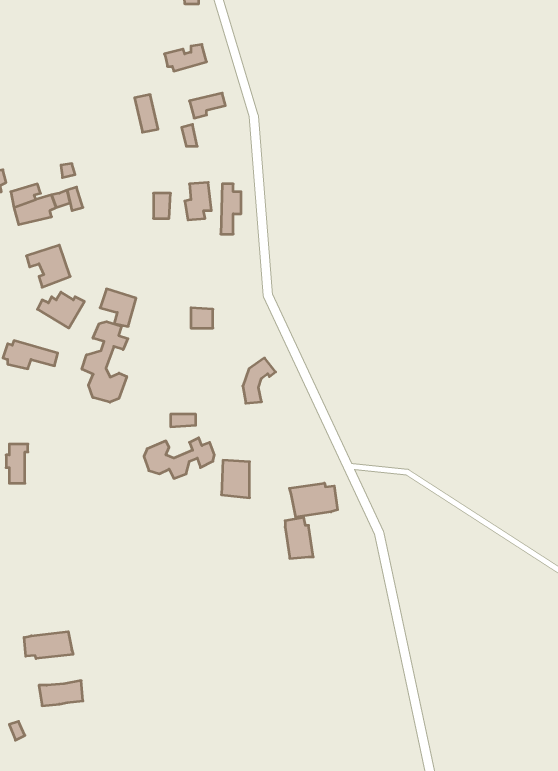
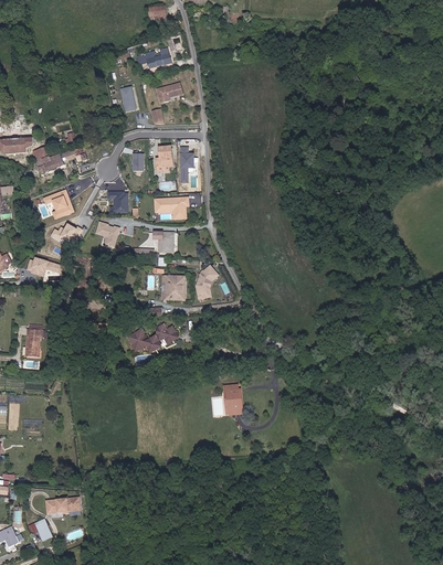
building: none -> [107,190,127,214]
building: none -> [154,200,187,217]
building: [82,322,128,402] -> none
building: [221,460,250,498] -> [165,276,184,302]
building: [289,483,338,517] -> none
building: [24,632,73,659] -> none

